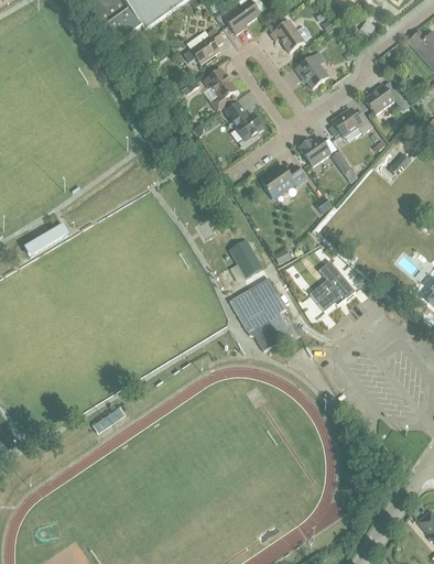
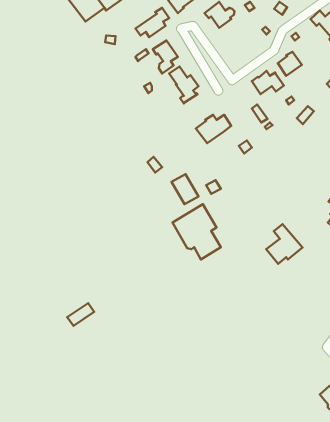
building: [295,51,328,87] -> none
building: [297,135,329,165] -> none
building: [308,260,355,311] -> [266,224,302,264]

